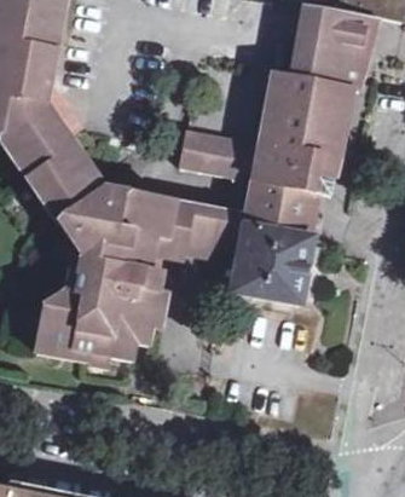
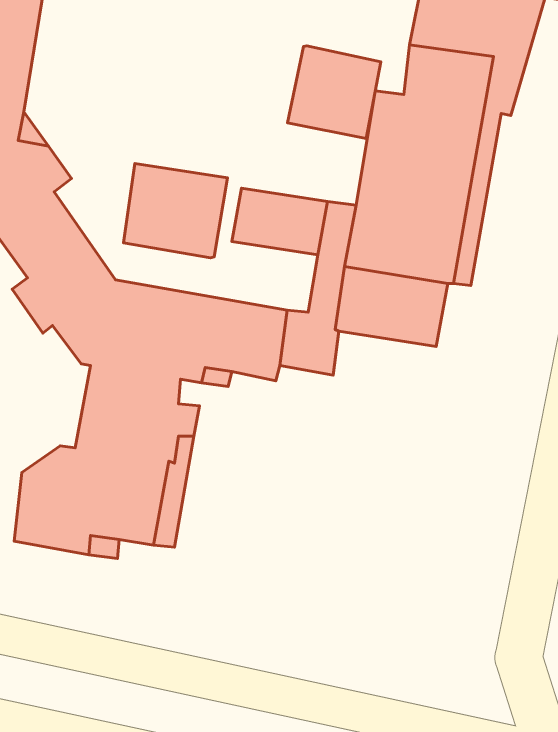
building: none -> [288,46,381,139]
building: none -> [123,163,227,258]
building: [237,219,314,297] -> none

